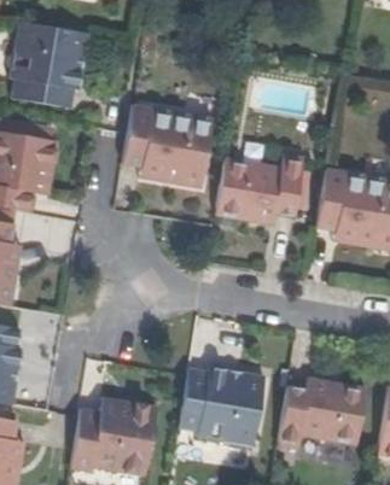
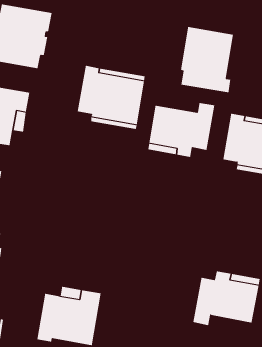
building: none -> [180,26,234,93]
building: [177,367,266,445] -> none

